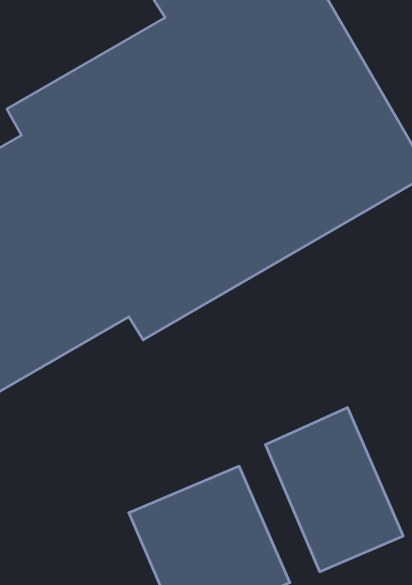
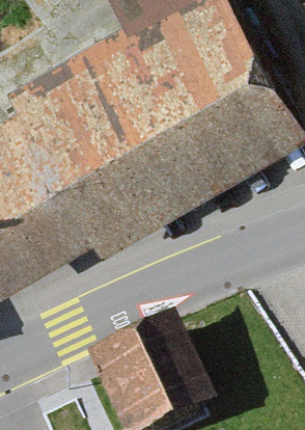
building: [265,408,403,572] -> none

